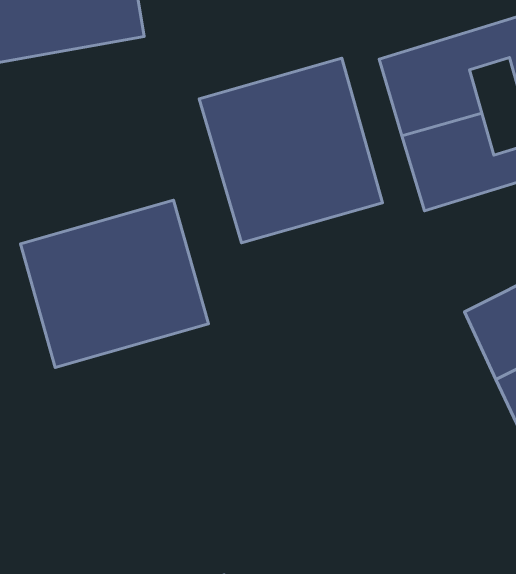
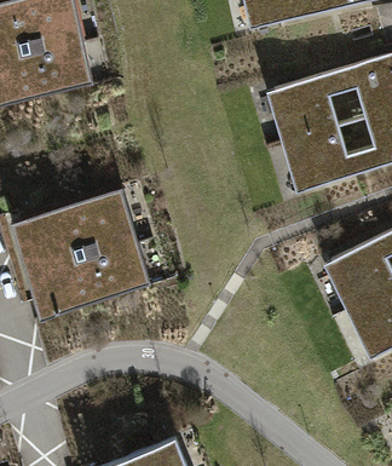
building: [199,58,383,243] -> none

